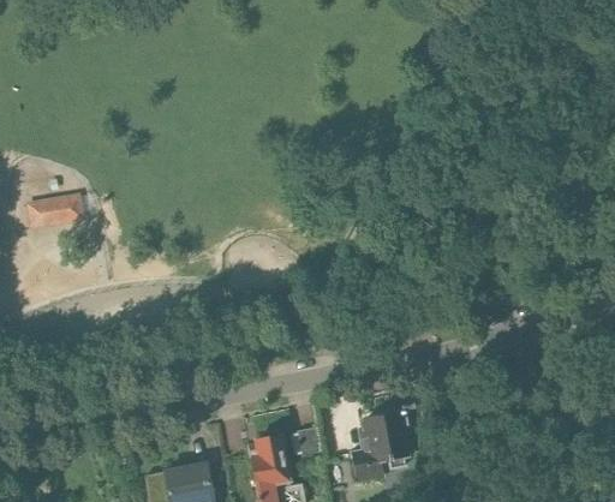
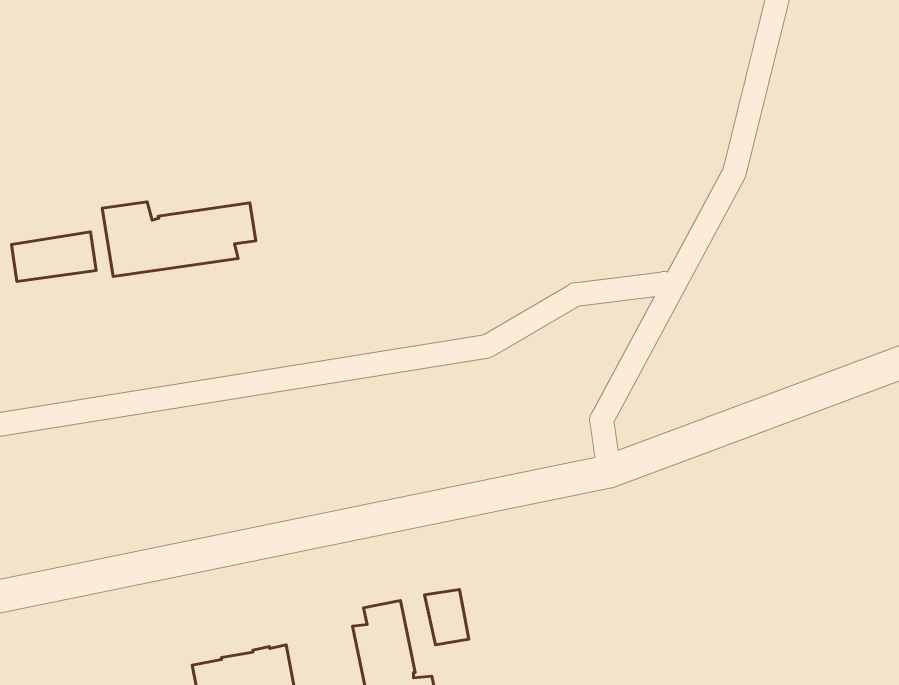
building: none -> [102,202,256,276]
building: [354,406,408,482] -> none

